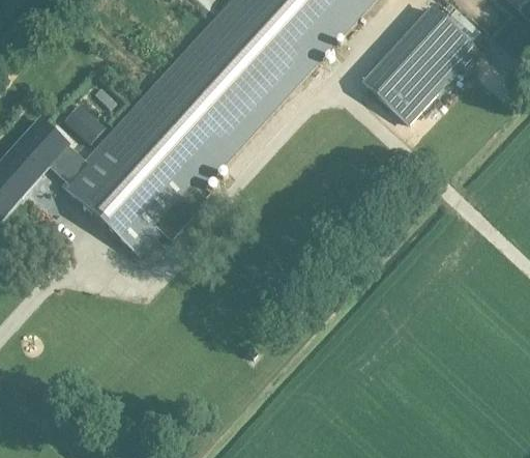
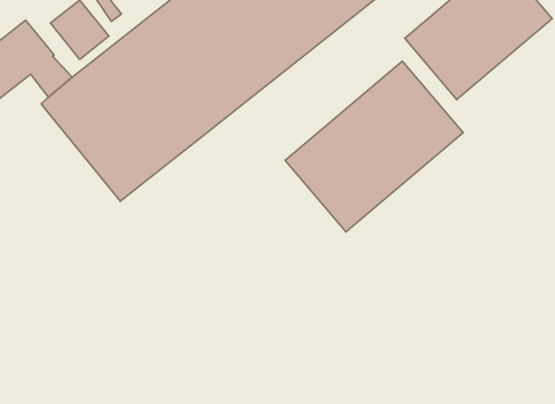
building: none -> [285,61,463,232]

